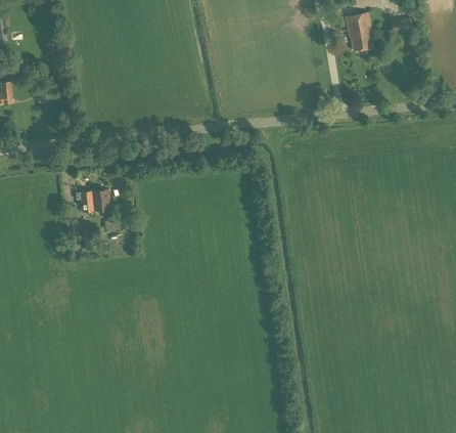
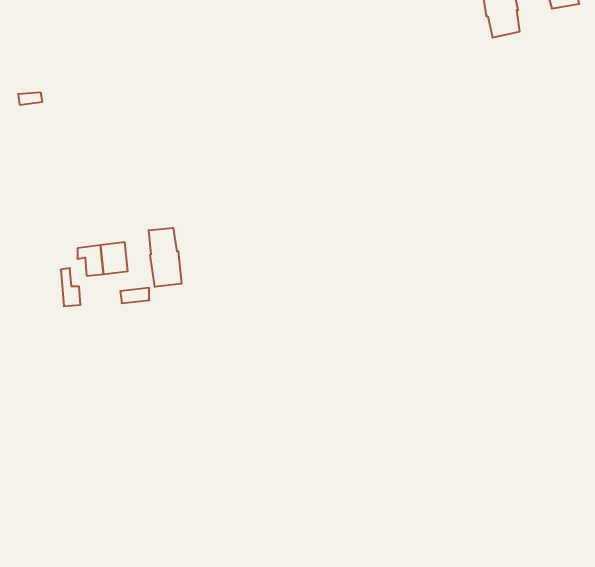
building: none -> [149,228,182,287]

